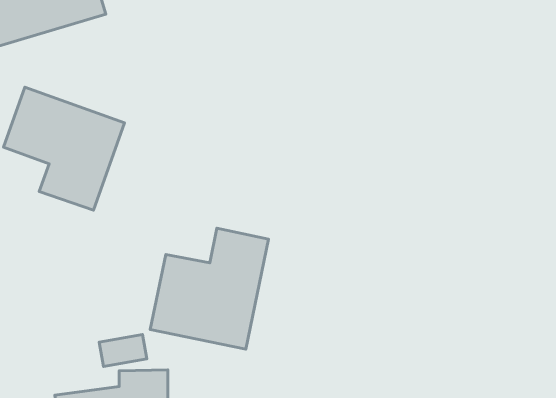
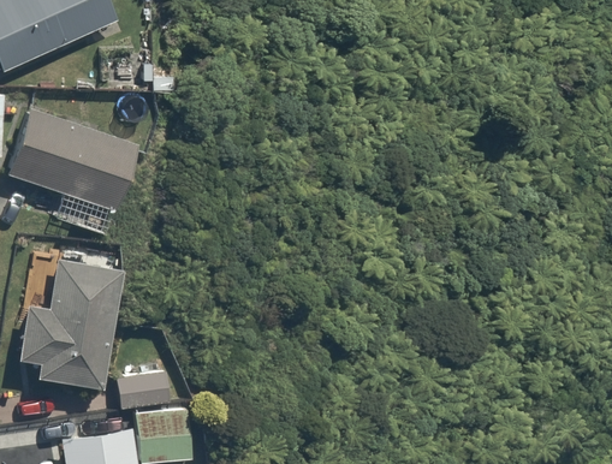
building: [150,228,269,349] -> none
building: none -> [19,262,124,391]

